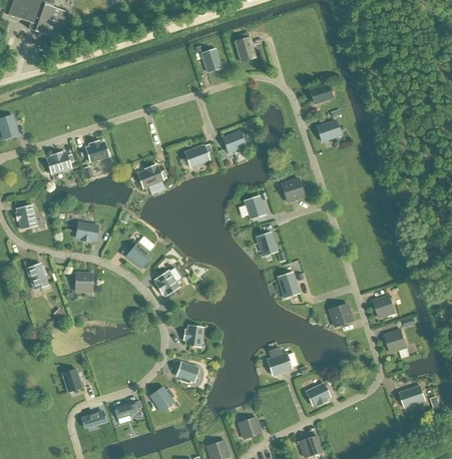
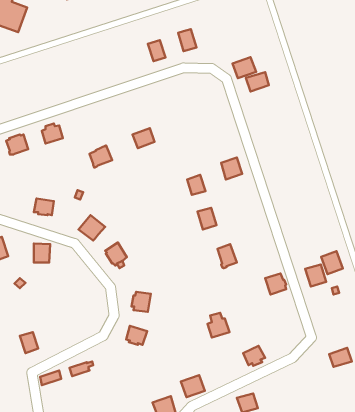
building: [317,118,343,141] -> [232,57,256,78]
building: [222,129,248,153] -> none
building: [385,328,409,353] -> [321,251,343,274]
building: [149,385,176,411] -> none

